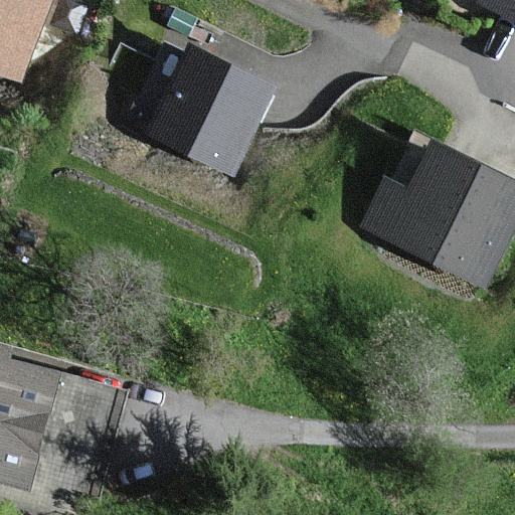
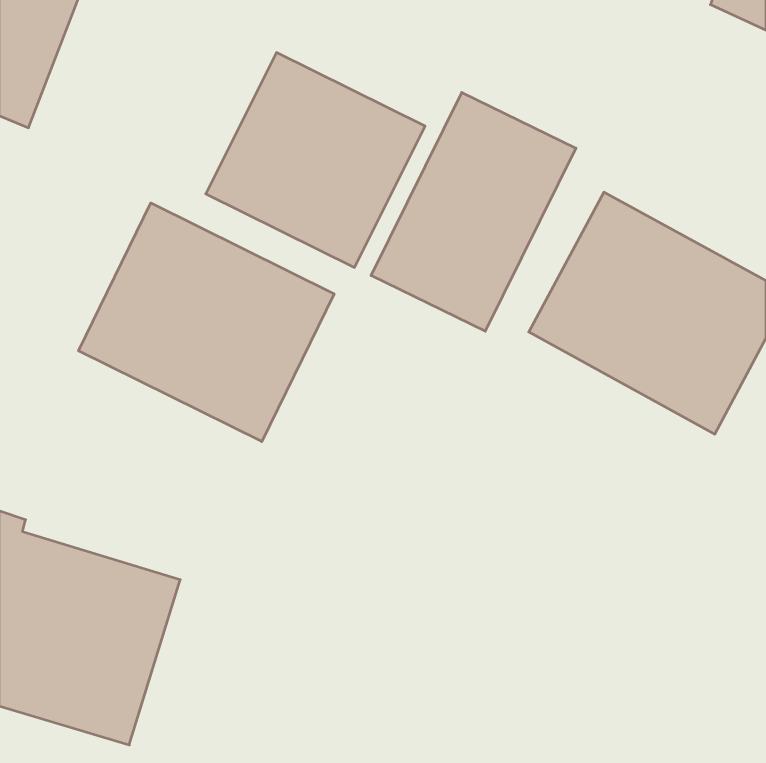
building: none -> [371,92,576,331]
building: none -> [79,203,334,442]

